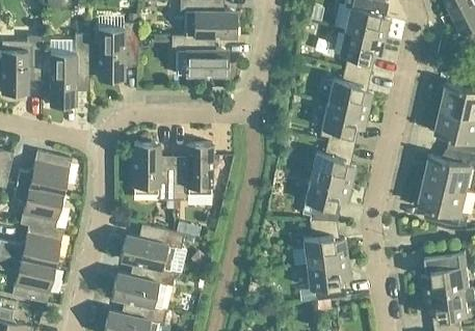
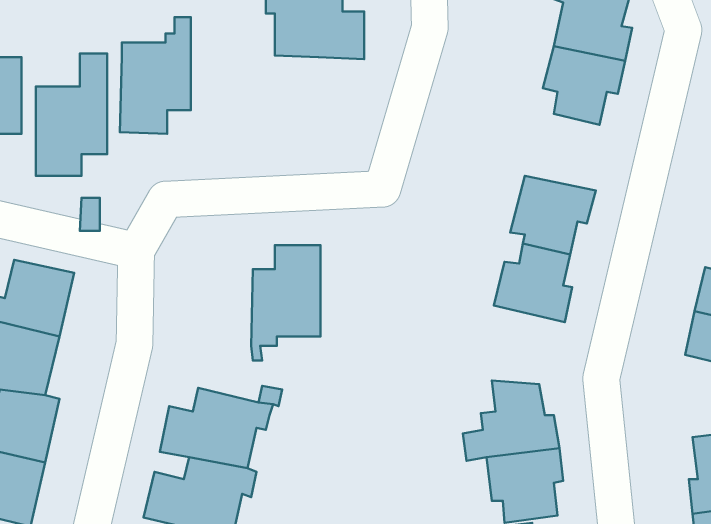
building: [170,35,228,76] -> none
building: [327,68,372,112] -> none
building: [133,143,173,200] -> none
building: [301,177,350,222] -> none

